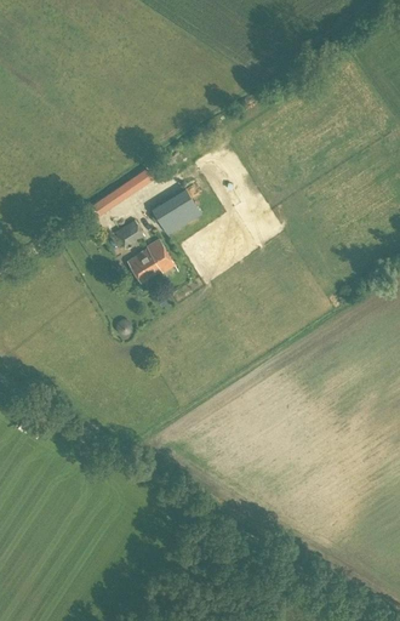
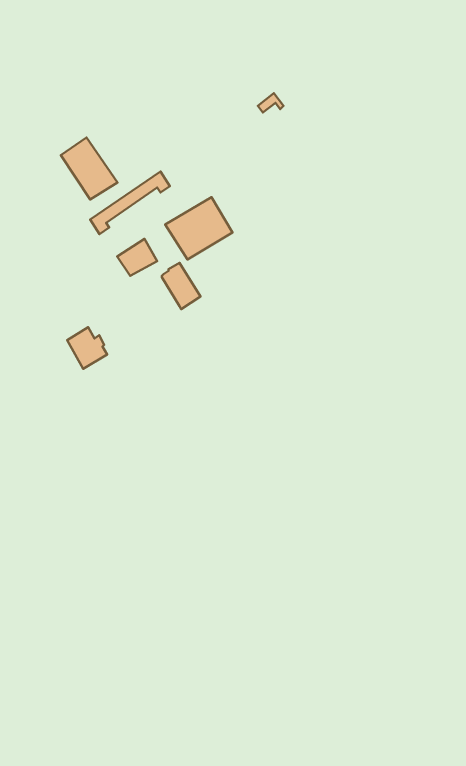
building: none -> [61,138,117,199]
building: [128,251,159,283] -> [67,327,107,369]

